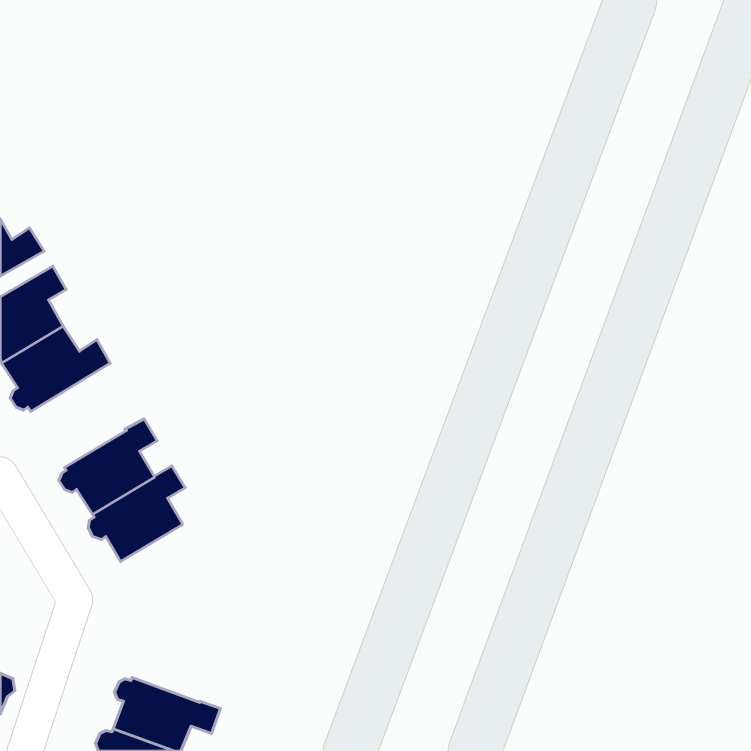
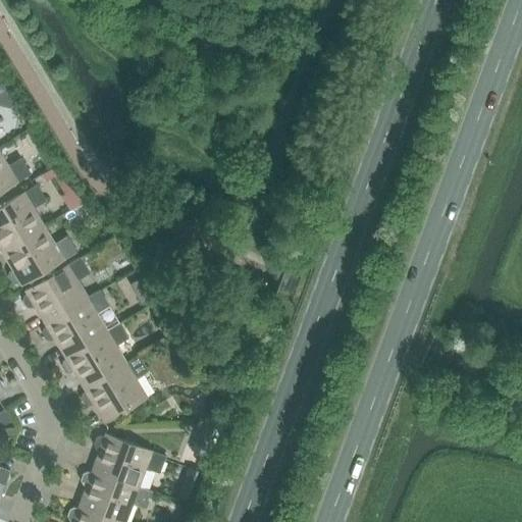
building: none -> [22,258,90,324]
building: none -> [81,355,148,423]
building: none -> [92,433,166,487]

